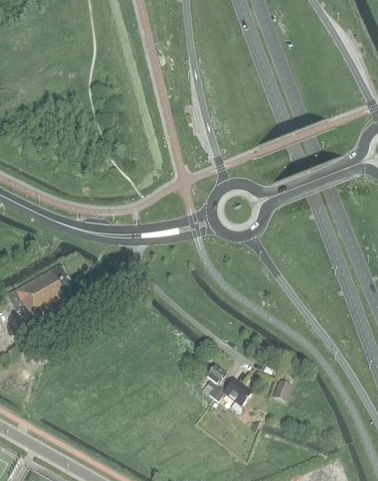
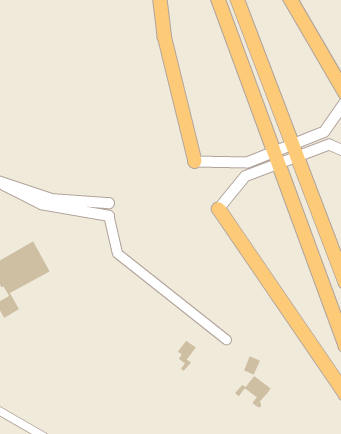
building: [213,378,251,412] -> [234,375,272,408]

